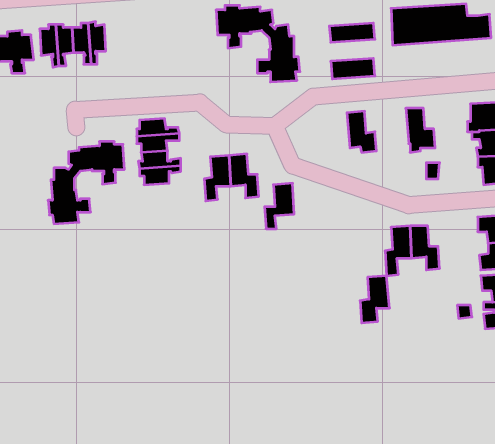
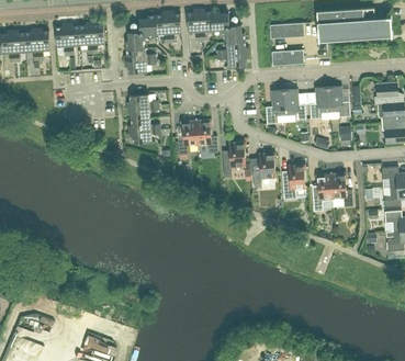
building: none -> [310,87,330,119]
building: none -> [266,90,286,124]
building: [48,142,124,224] -> [124,12,181,74]
building: none -> [252,154,275,188]
building: [360,276,390,323] -> [283,165,305,200]

